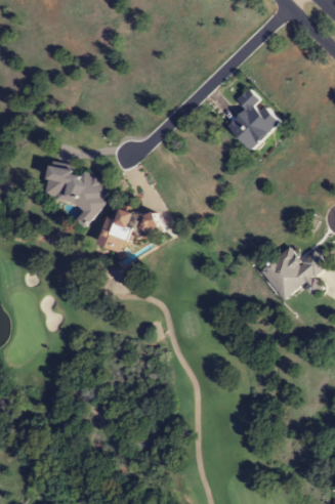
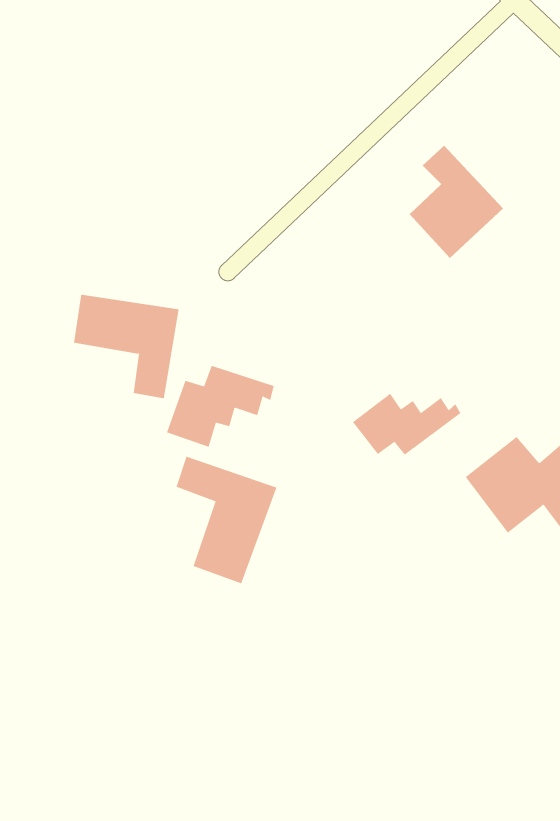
building: none -> [352,393,461,456]
building: none -> [176,456,277,584]

